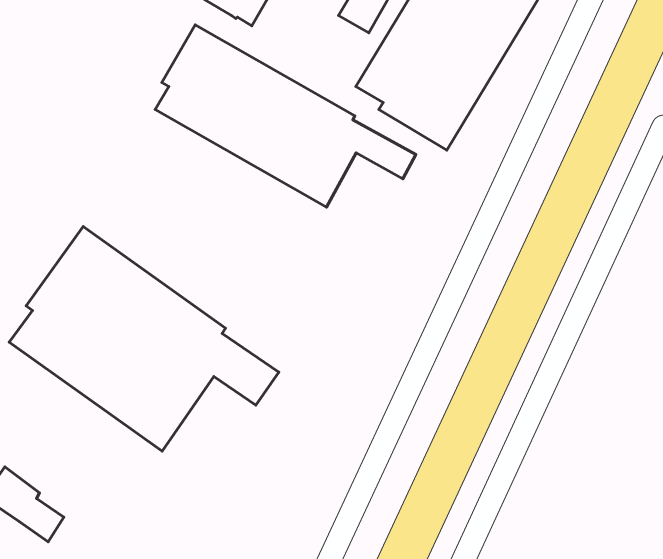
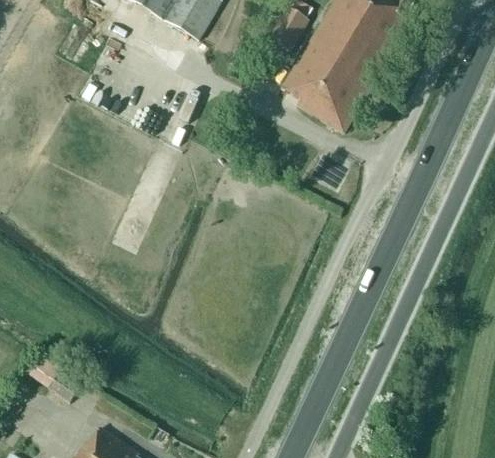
building: [155,25,416,207] -> none
building: [9,226,279,451] -> none

